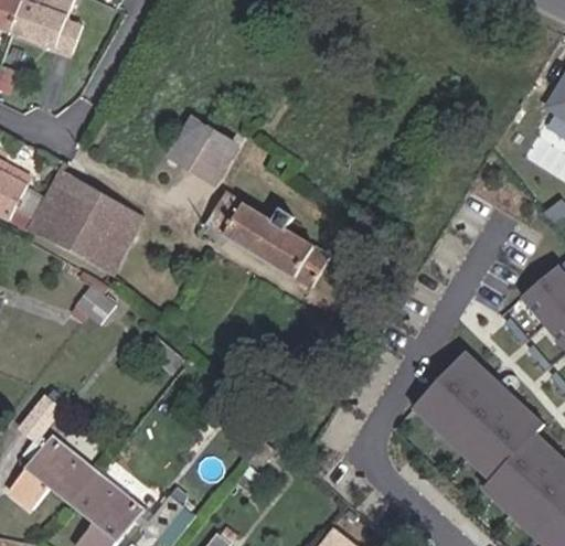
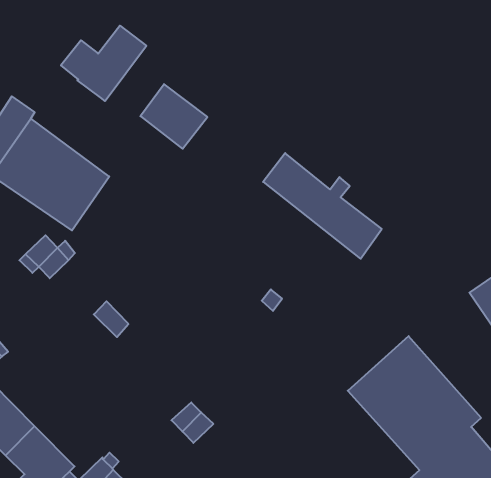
building: none -> [61,26,146,101]
building: [209,194,331,290] -> [263,153,382,259]

